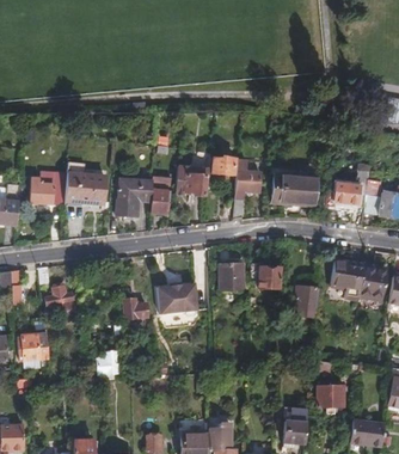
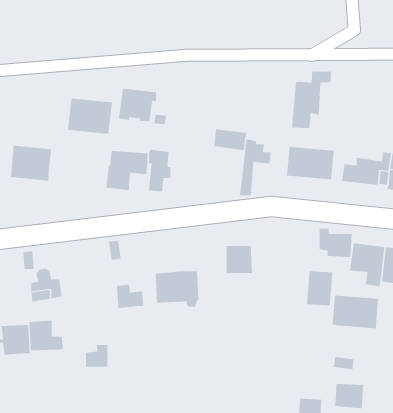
building: none -> [291,70,331,129]
building: [177,166,211,196] -> [118,88,157,122]
building: [65,170,105,202] -> [67,98,113,134]
building: [252,260,282,287] -> [319,228,352,258]
building: none -> [332,295,379,329]
building: none -> [29,320,63,351]

